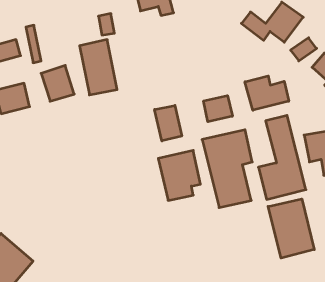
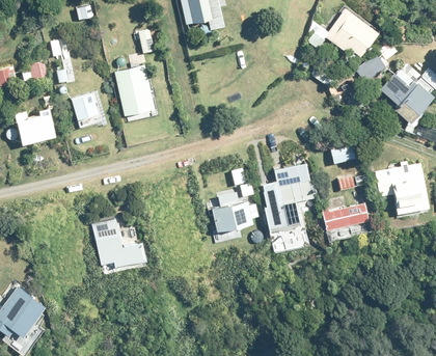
building: [245,76,289,110] -> none
building: [204,96,232,122] -> none
building: [155,105,182,141] -> none
building: none -> [91,217,151,280]
building: [268,199,314,258] -> none

